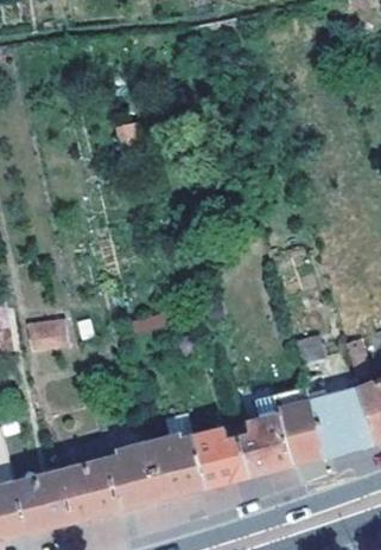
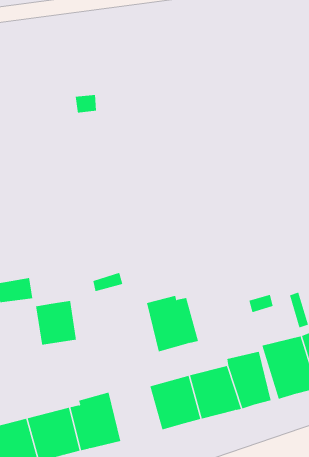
building: none -> [36,300,77,345]
building: [150,436,207,498] -> [146,295,199,352]

